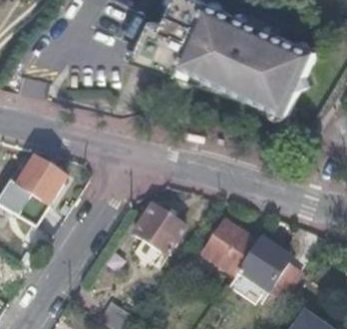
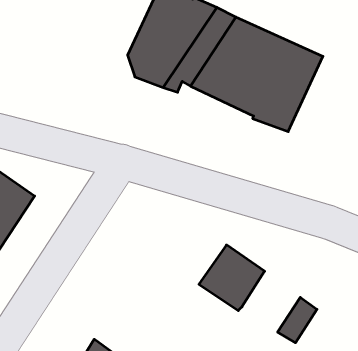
building: [132,202,185,253] -> none
building: [237,236,286,290] -> none

